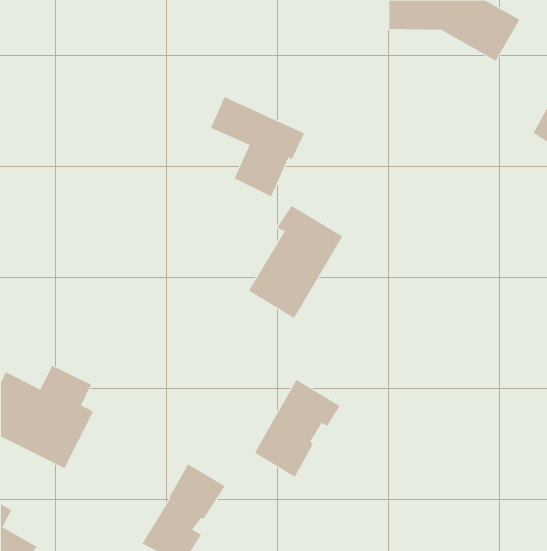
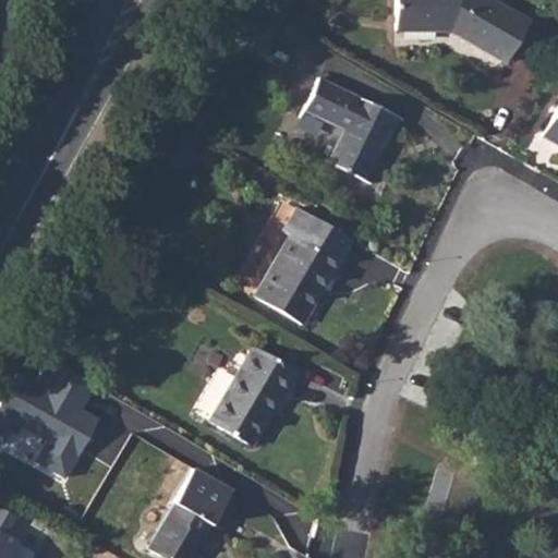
building: [210,97,305,197] -> [305,81,401,182]
building: [254,379,340,478] -> [211,347,299,446]

